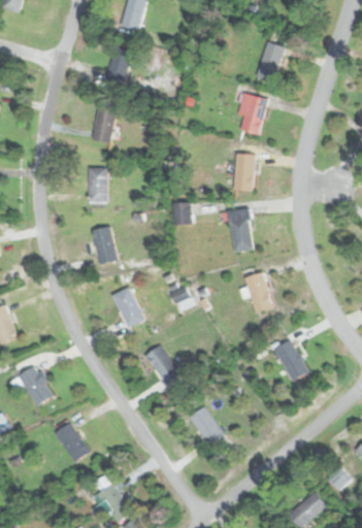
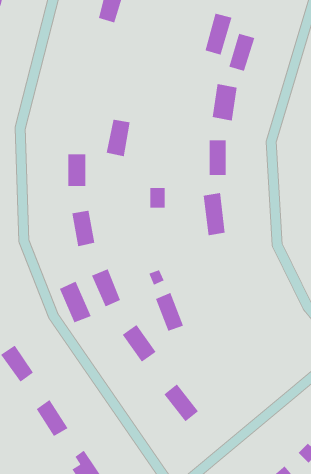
building: none -> [205,13,232,55]
building: [106,46,131,88] -> none
building: [92,104,118,143] -> [106,119,131,157]
building: [243,271,273,312] -> [155,292,184,332]
building: none -> [59,281,91,323]
building: [273,340,309,382] -> none

